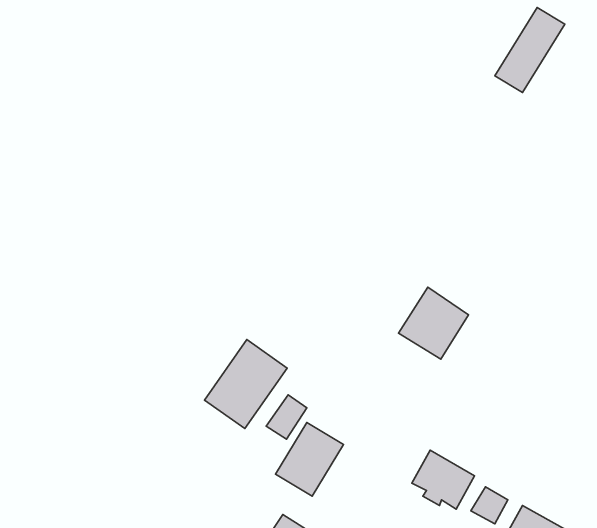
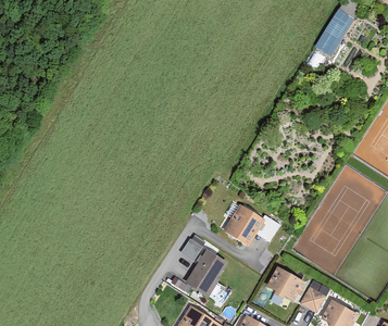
building: [398,287,469,359] -> [222,203,263,246]
building: [204,340,287,429] -> none

